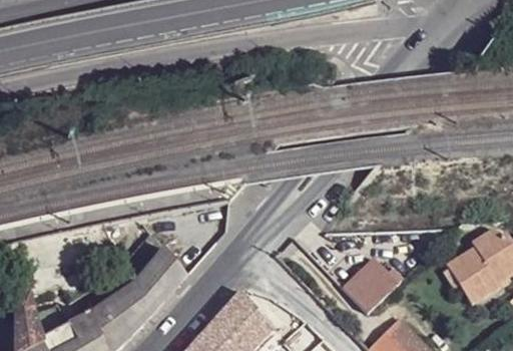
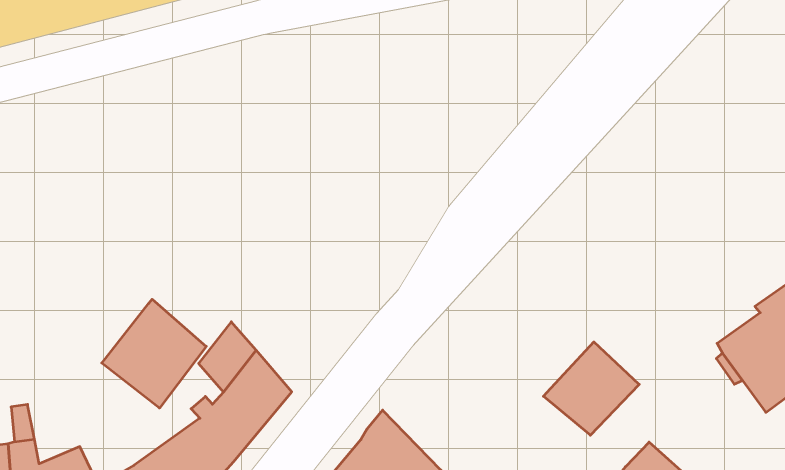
building: none -> [102,299,206,408]

